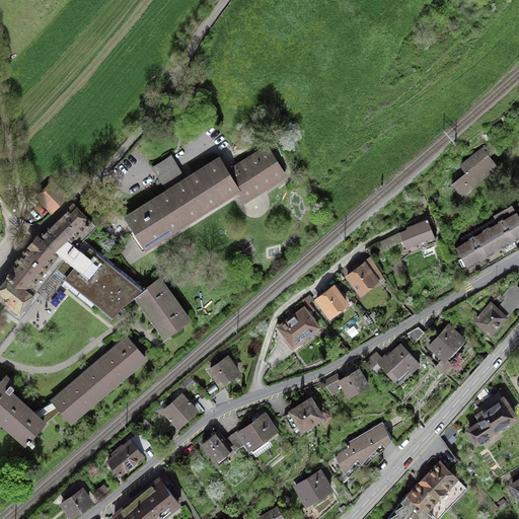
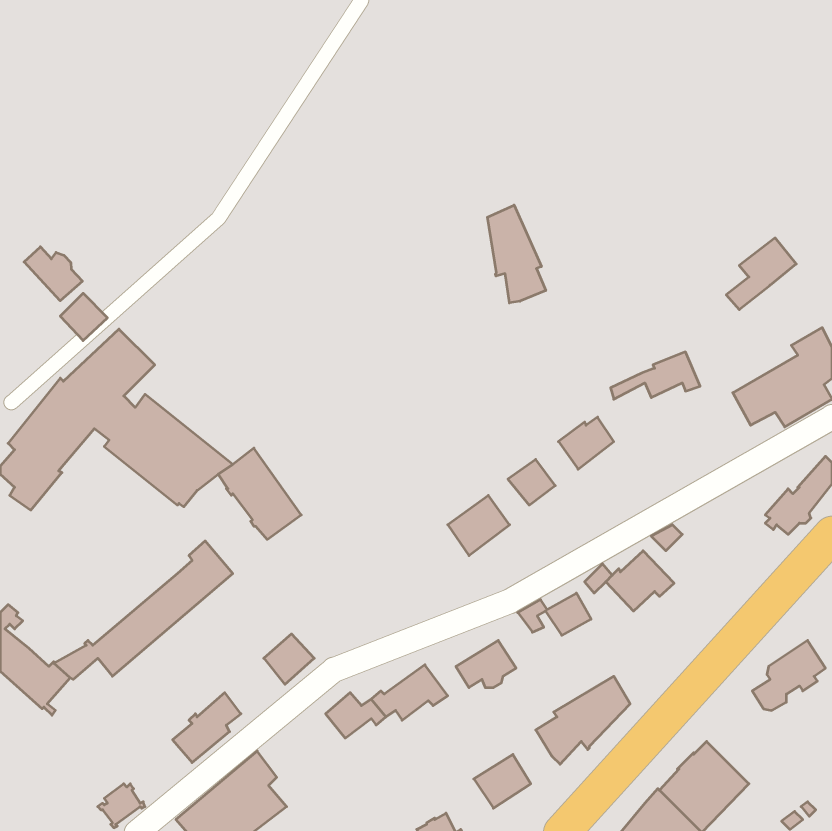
building: none -> [487,205,546,303]
building: [126,148,285,245] -> none
building: none -> [24,247,82,301]
building: [430,326,462,359] -> none
building: [210,358,237,384] -> none

